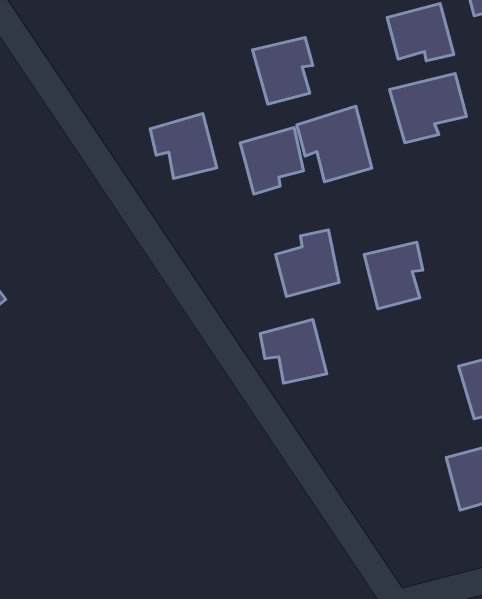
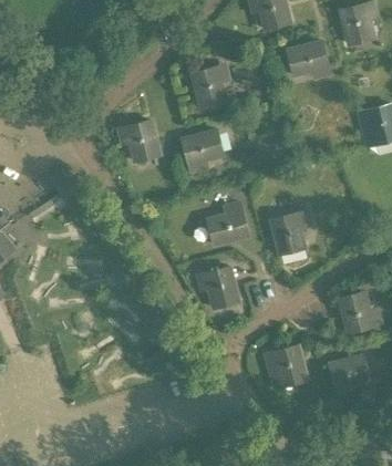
building: [389,74,467,143] -> none
building: [297,106,372,182] -> none
building: none -> [266,345,308,389]

